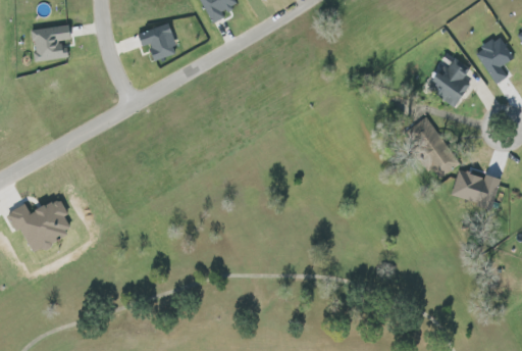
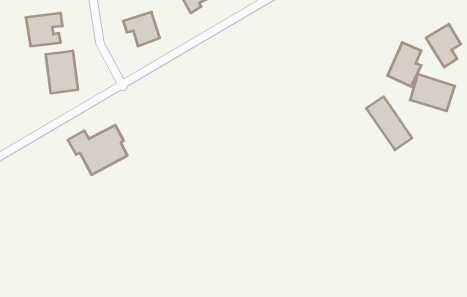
building: none -> [46,51,78,93]
building: [451,167,501,208] -> [410,74,455,111]
building: [6,198,72,253] -> [68,125,127,175]

